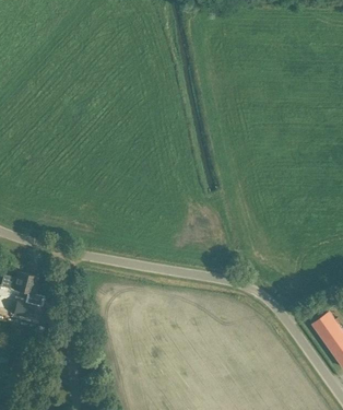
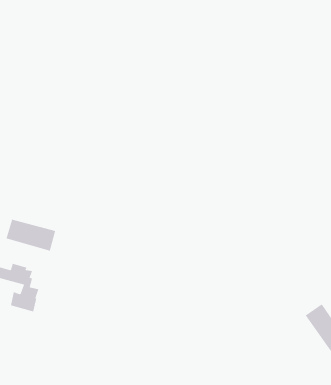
building: none -> [6,219,56,252]

